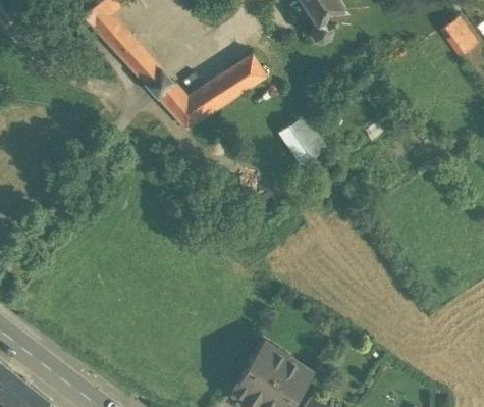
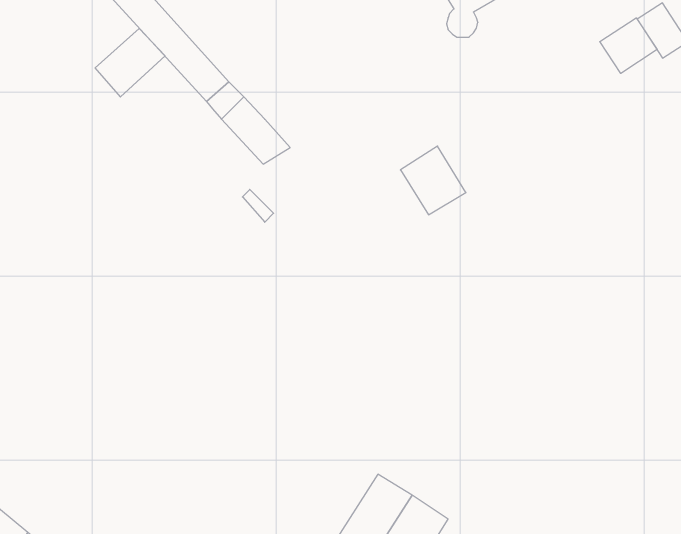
building: none -> [600,18,657,73]
building: none -> [95,28,165,97]
building: [186,57,265,118] -> none

